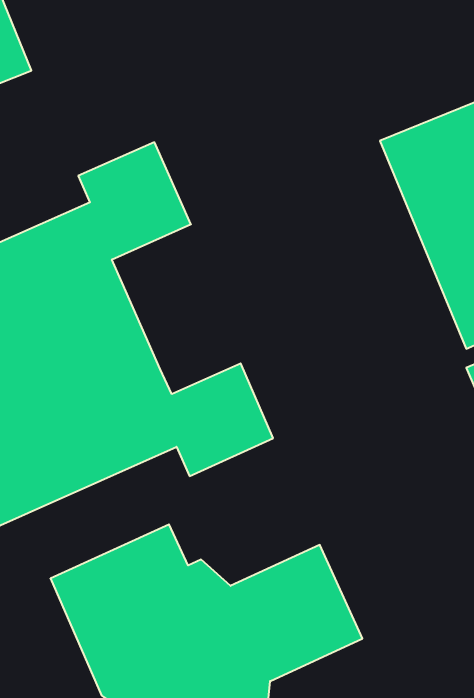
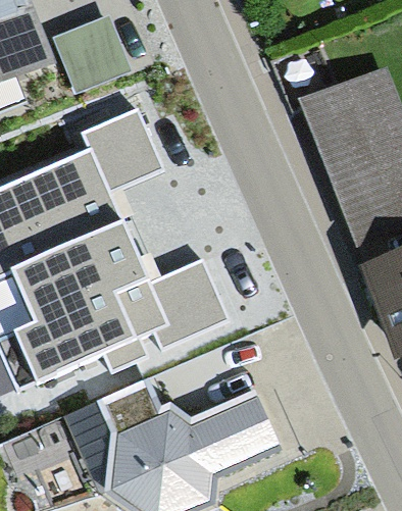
building: none -> [54,13,133,94]

